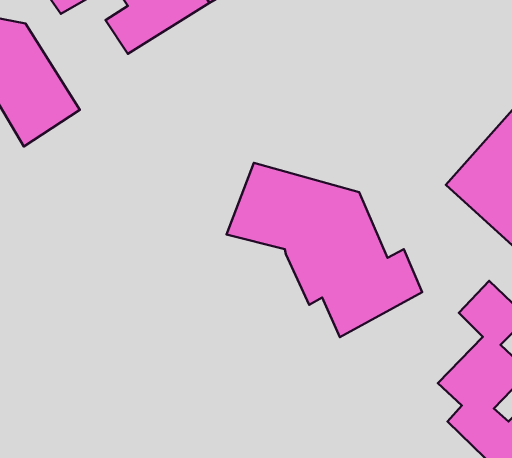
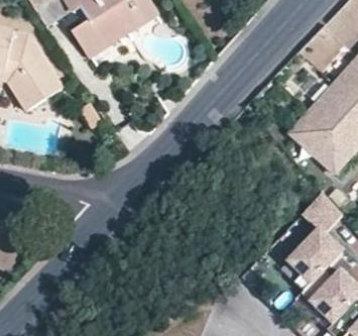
building: [227,163,422,337] -> none

